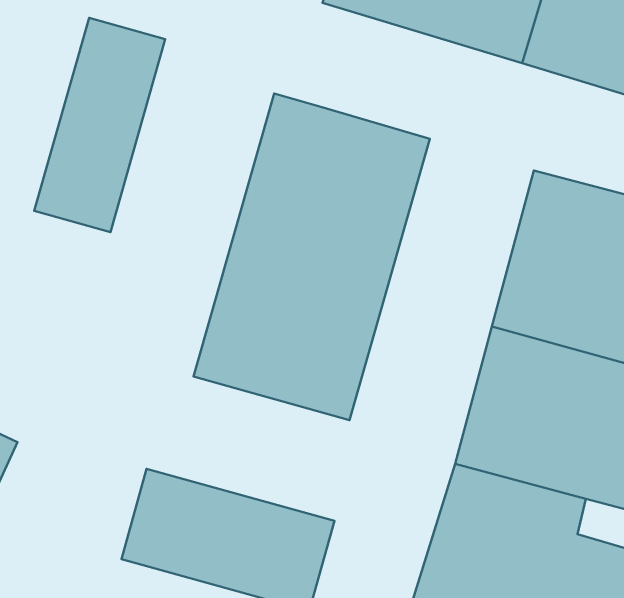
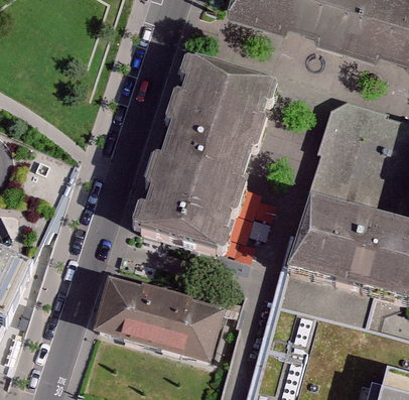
building: [34,18,165,232] -> none

